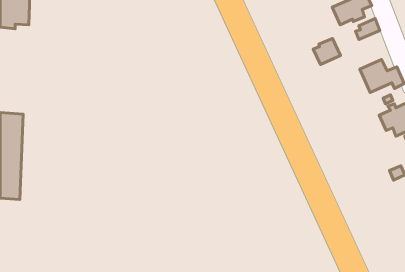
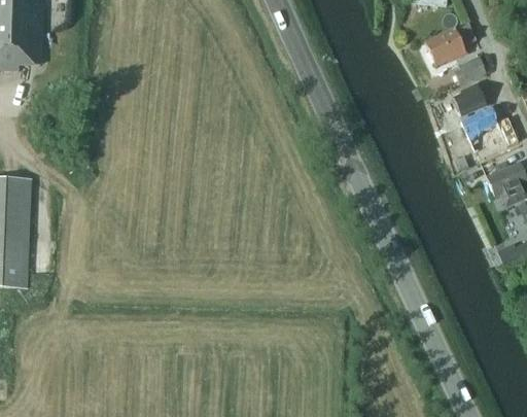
building: [313,39,341,64] -> [451,82,486,115]

